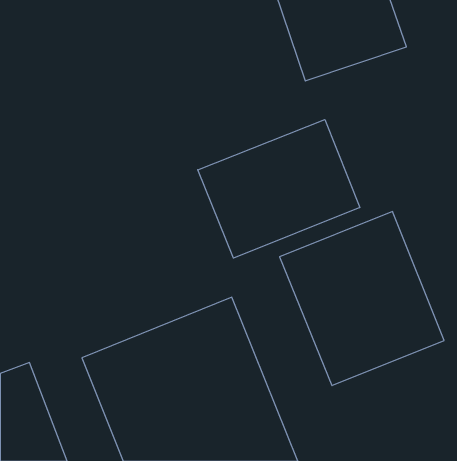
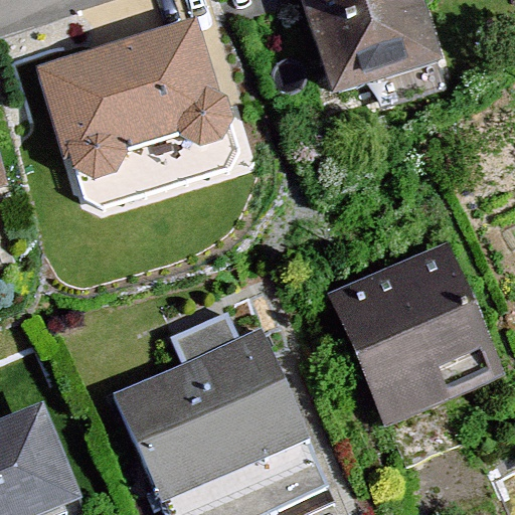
building: none -> [29,29,224,191]
building: [198,120,360,258] -> none

